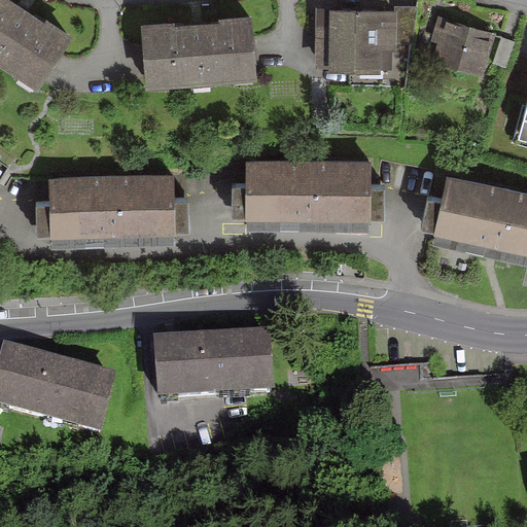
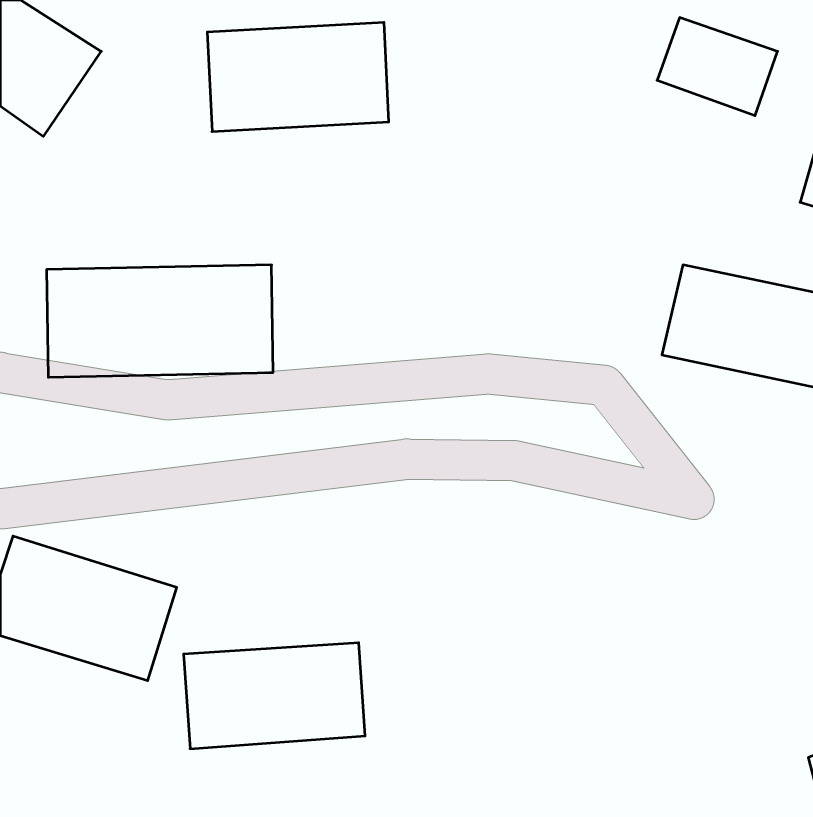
building: [316,10,397,69] -> none
building: [239,160,375,230] -> none
building: [152,339,269,407] -> [184,643,365,749]

